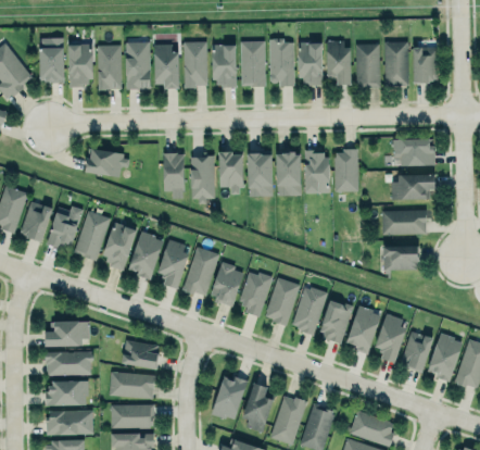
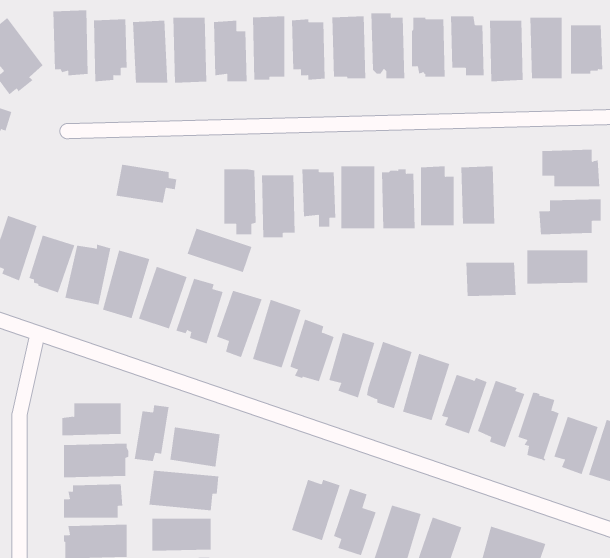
building: none -> [187,228,252,273]
building: [383,247,420,272] -> [465,262,516,297]
building: none -> [134,405,169,462]

